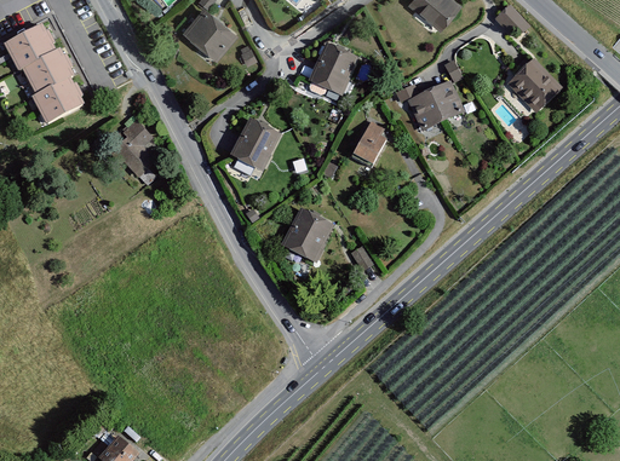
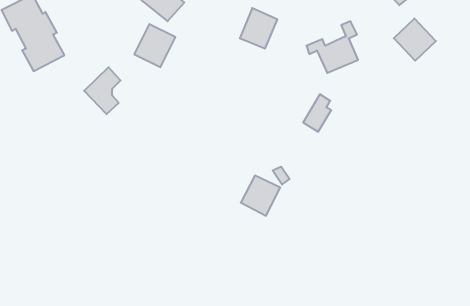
building: [229,116,282,172] -> [134,24,175,67]
building: [350,119,386,167] -> [303,94,331,132]
building: [283,208,334,260] -> [241,175,280,216]

